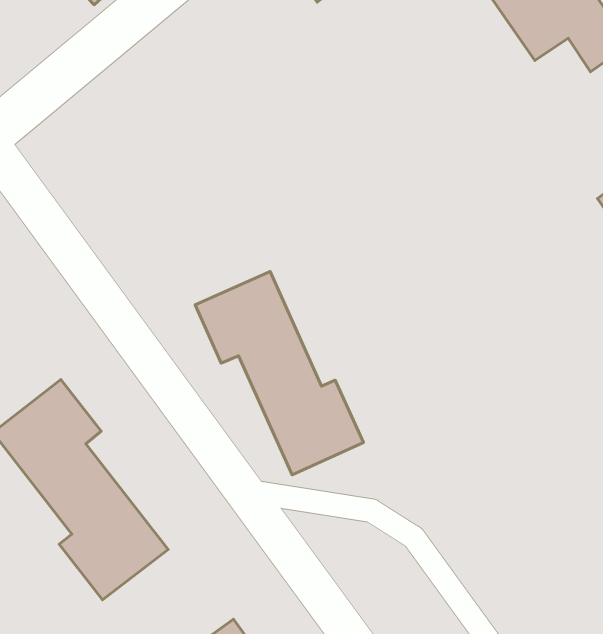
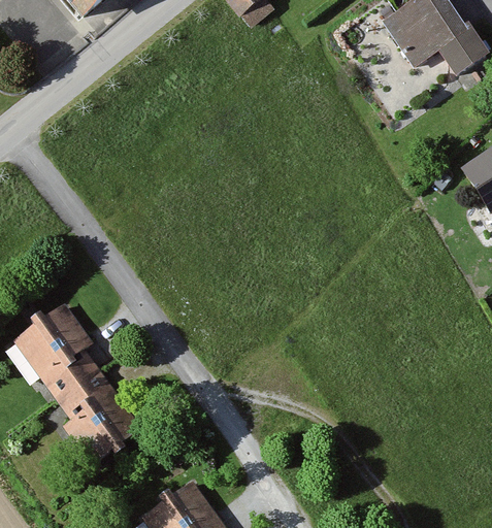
building: [195,272,364,475] -> none

